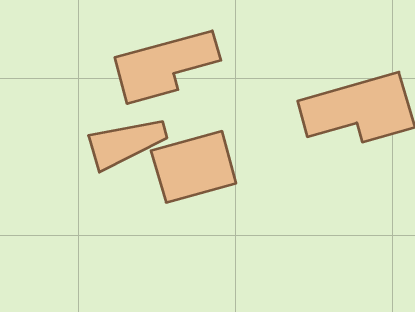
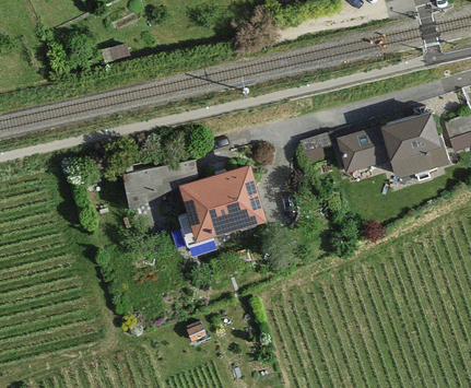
building: [115,31,221,104] -> none

